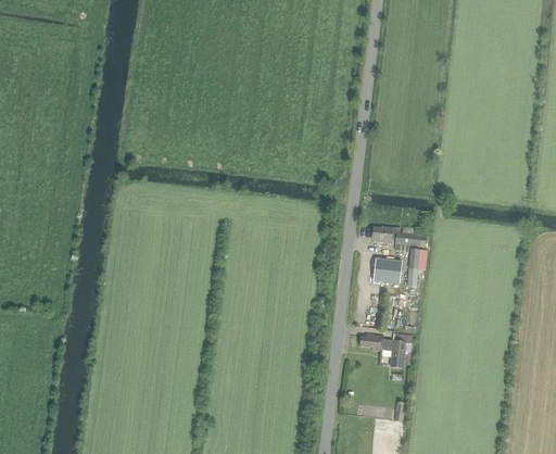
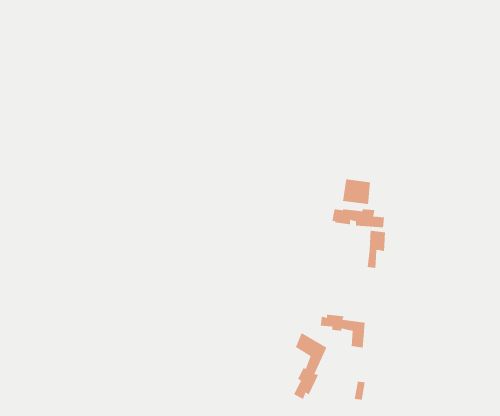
building: [372,256,402,282] -> [342,179,371,204]
building: none -> [294,332,327,400]

